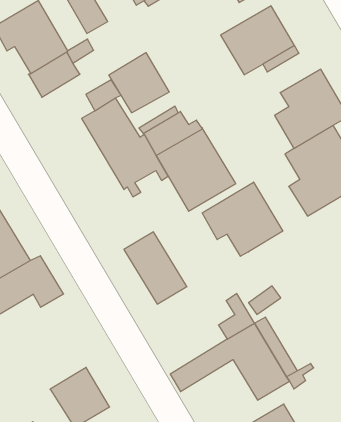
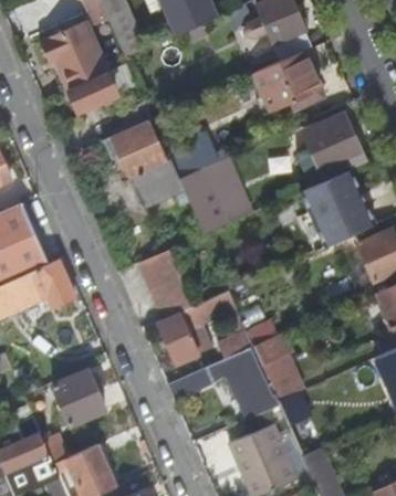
building: [109,53,169,113] -> none
building: [202,182,283,256] -> none
building: none -> [158,304,206,363]

